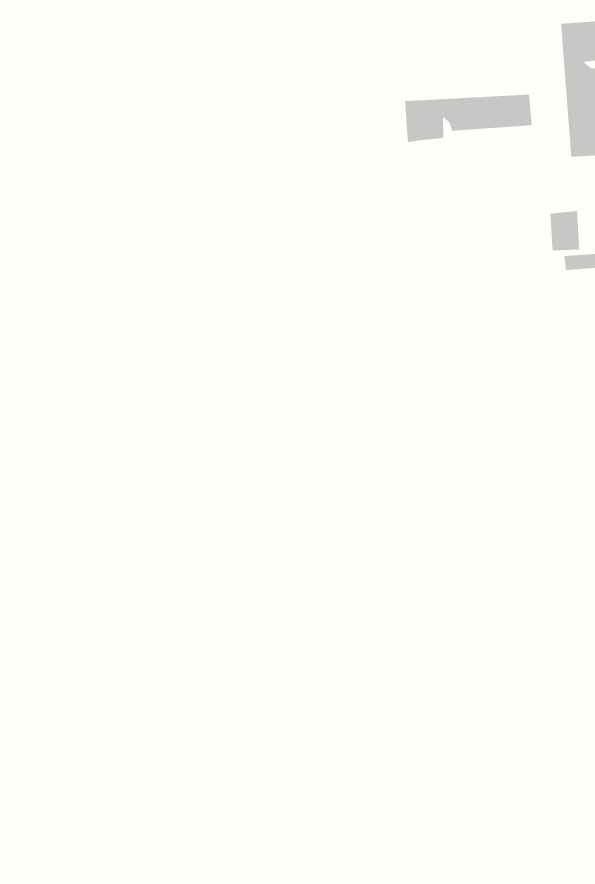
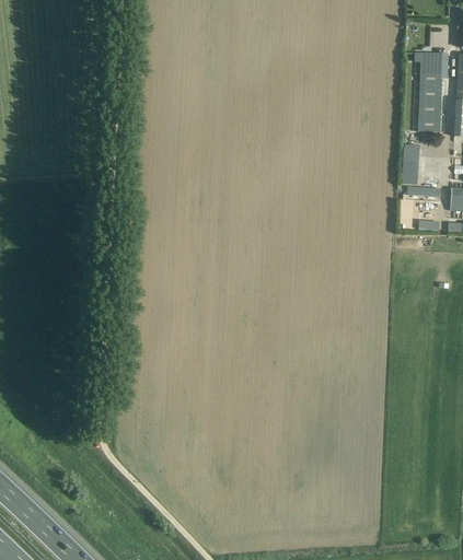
building: [404,94,532,143] -> none

